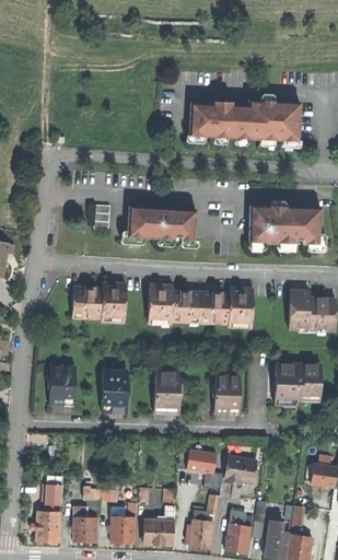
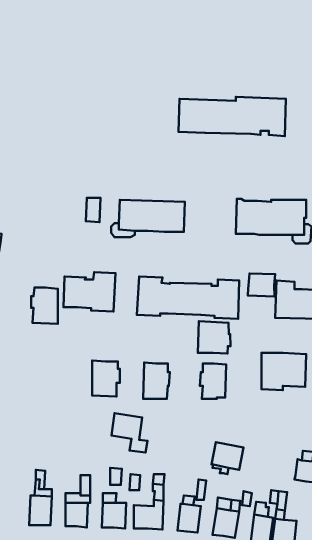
building: none -> [248,274,275,296]
building: none -> [198,321,231,354]
building: [48,365,75,402] -> [31,288,58,324]
building: [185,445,222,486] -> [111,413,148,453]

